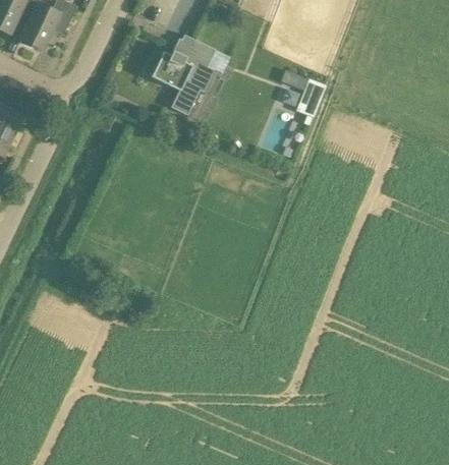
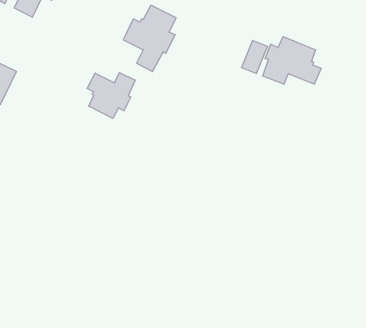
building: none -> [263,37,321,84]
building: none -> [87,73,135,118]

